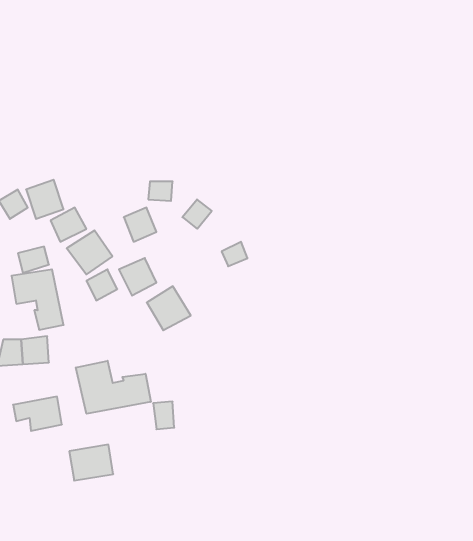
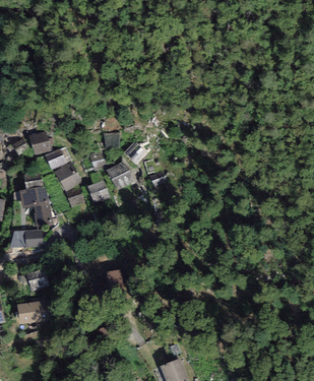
building: [147,286,191,330] -> [107,160,134,187]
building: [76,361,151,414] -> none
building: [69,445,113,481] -> [17,300,45,322]

